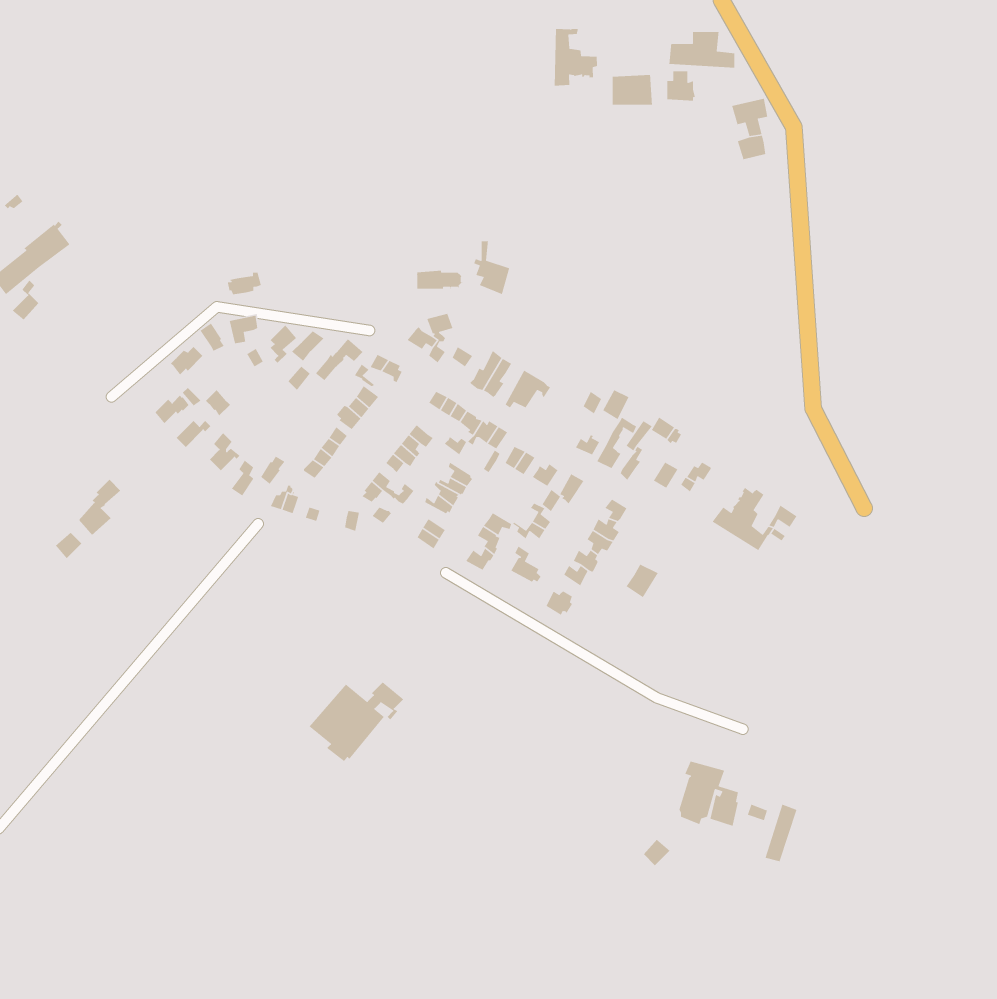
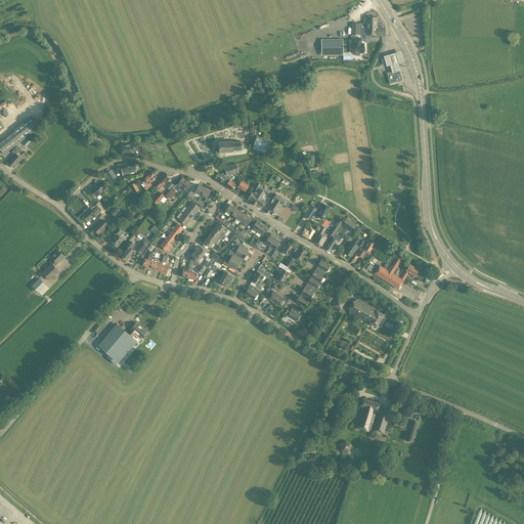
building: [554,28,598,87] -> none
building: none -> [347,300,382,326]
building: [309,682,404,762] -> [96,322,146,364]

